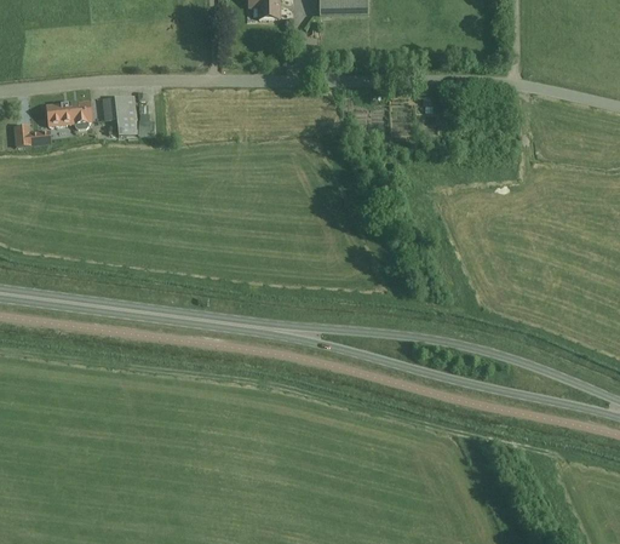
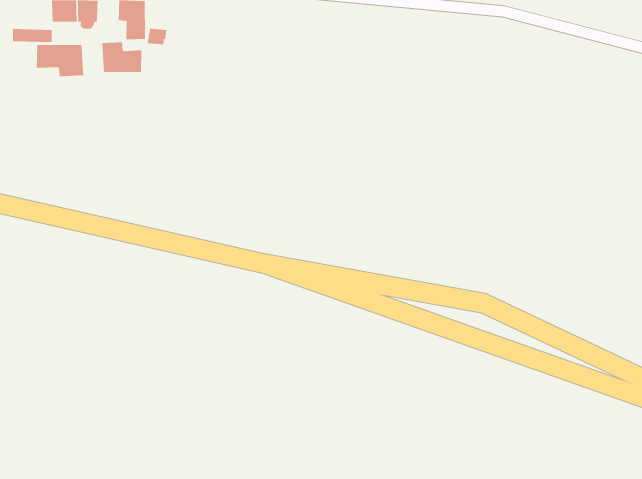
building: none -> [102,41,142,73]
building: none -> [36,44,84,77]

